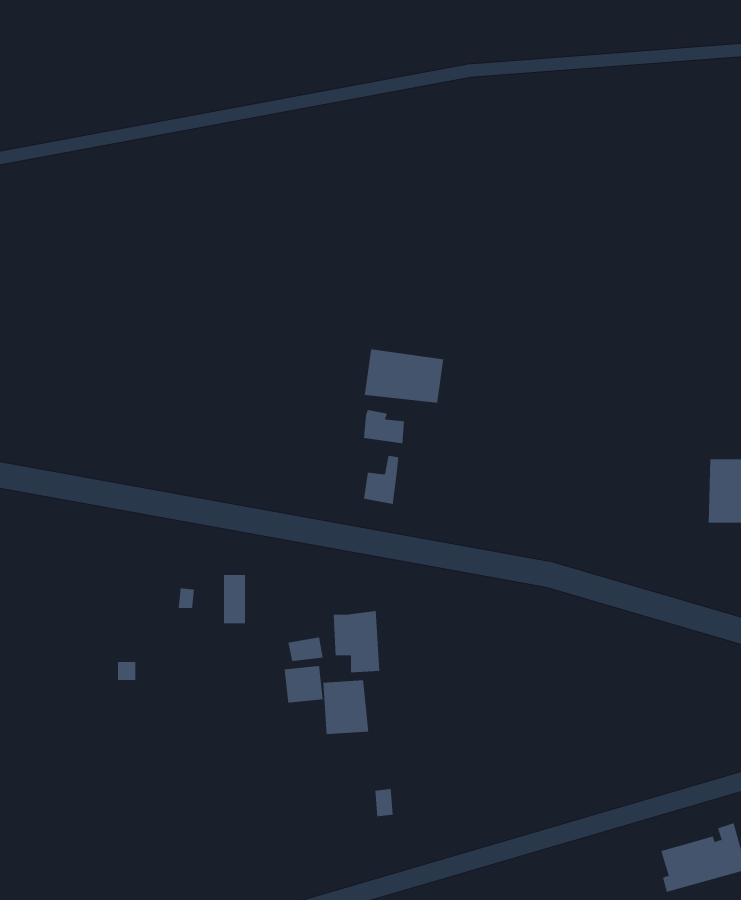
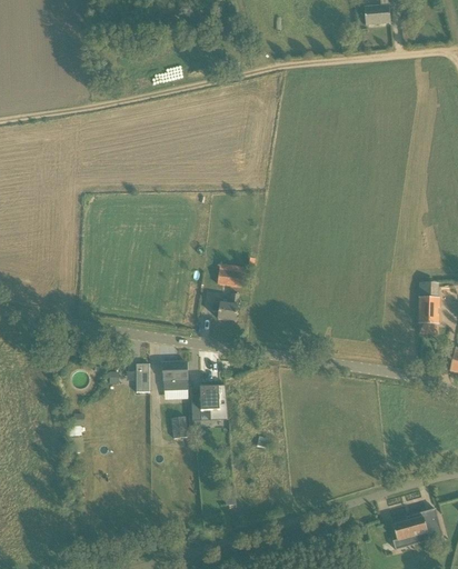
building: [364,348,444,404] -> none
building: none -> [162,361,188,387]
building: [323,680,369,735] -> none

